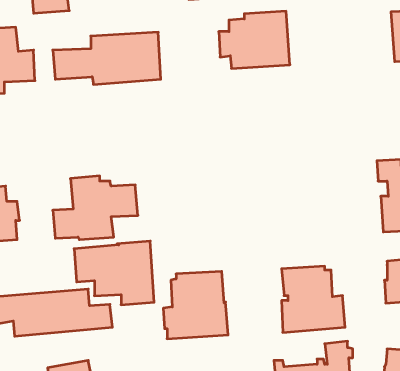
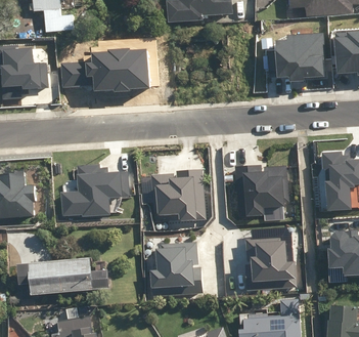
building: [219,11,290,68] -> [266,34,323,80]
building: none -> [234,165,288,220]
building: [74,241,154,305] -> [140,170,205,221]

